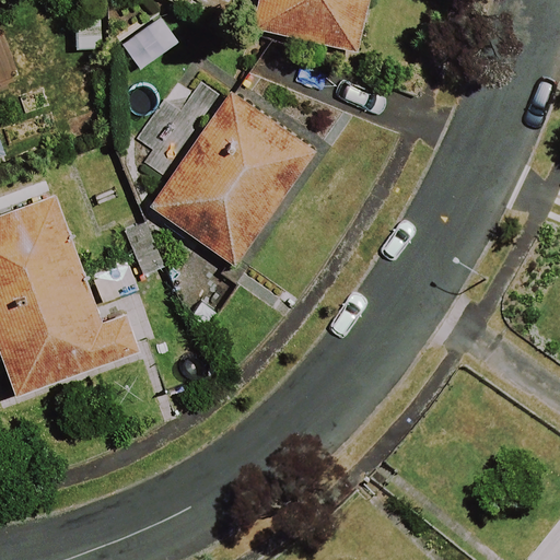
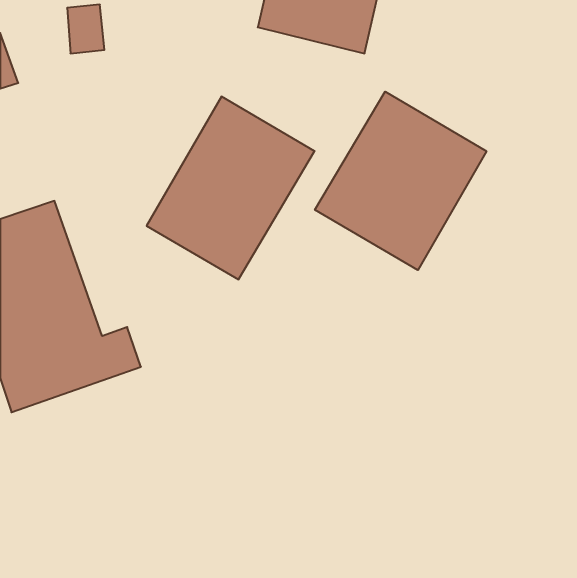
building: none -> [315,92,486,270]

